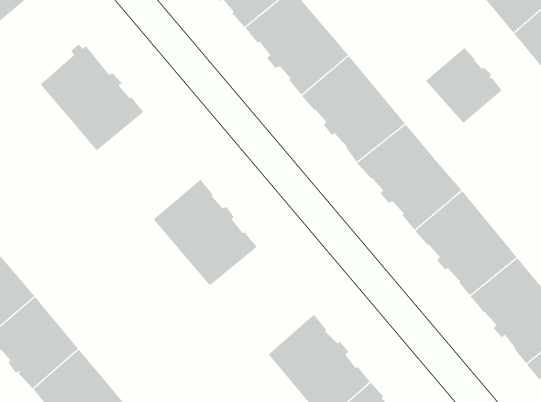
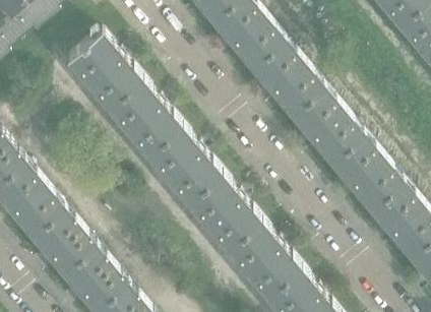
building: [425,47,503,124] -> none
building: none -> [109,81,182,157]
building: none -> [188,176,261,251]

